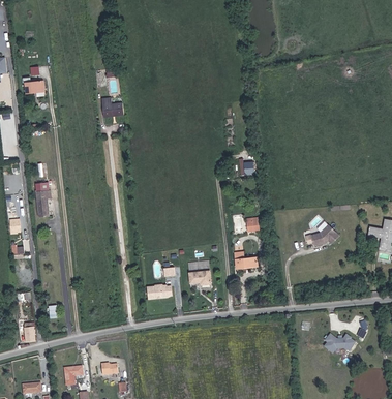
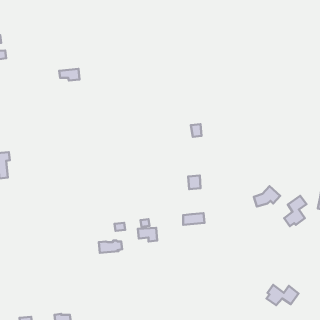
building: none -> [284,196,307,226]

